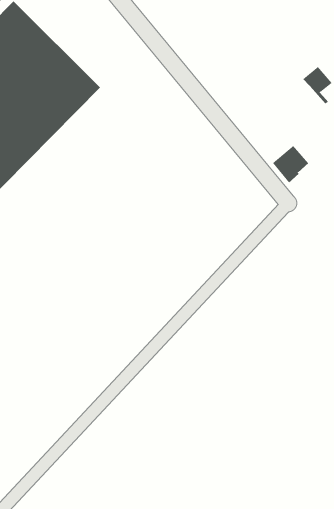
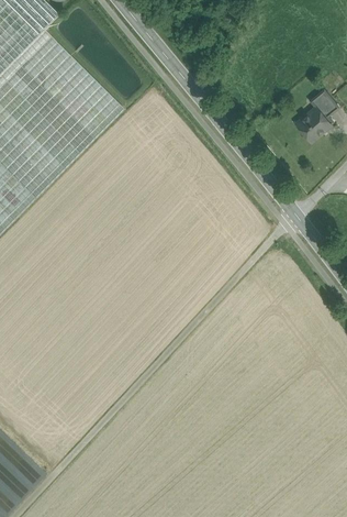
building: [272,145,309,183] -> [292,108,326,143]

